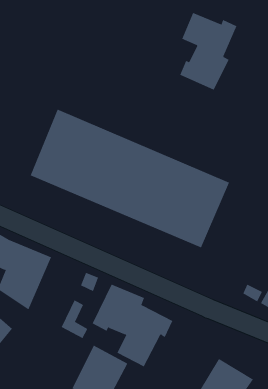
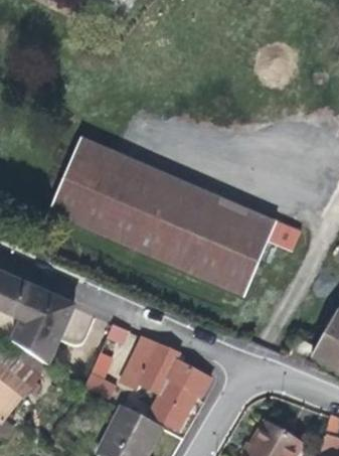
building: [180,12,237,91] -> none

